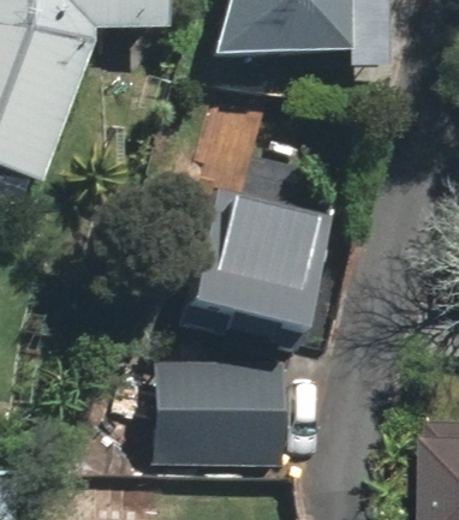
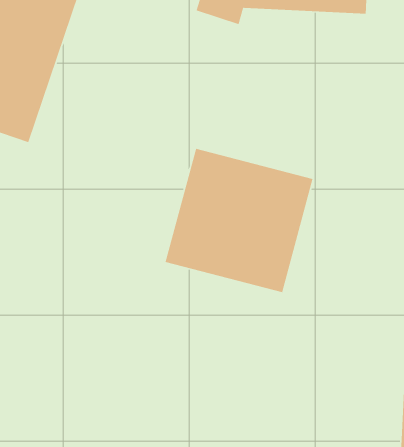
building: [154,363,282,460] -> none

